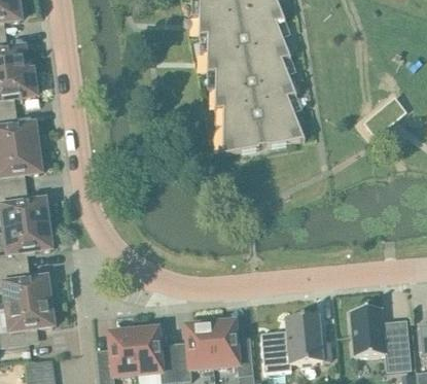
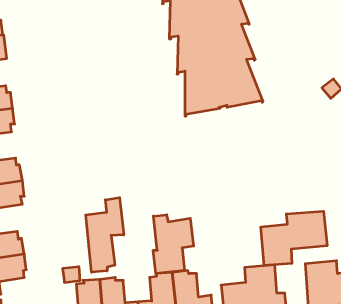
building: none -> [86,198,124,272]
building: none -> [261,211,327,266]
building: none -> [153,215,194,274]

